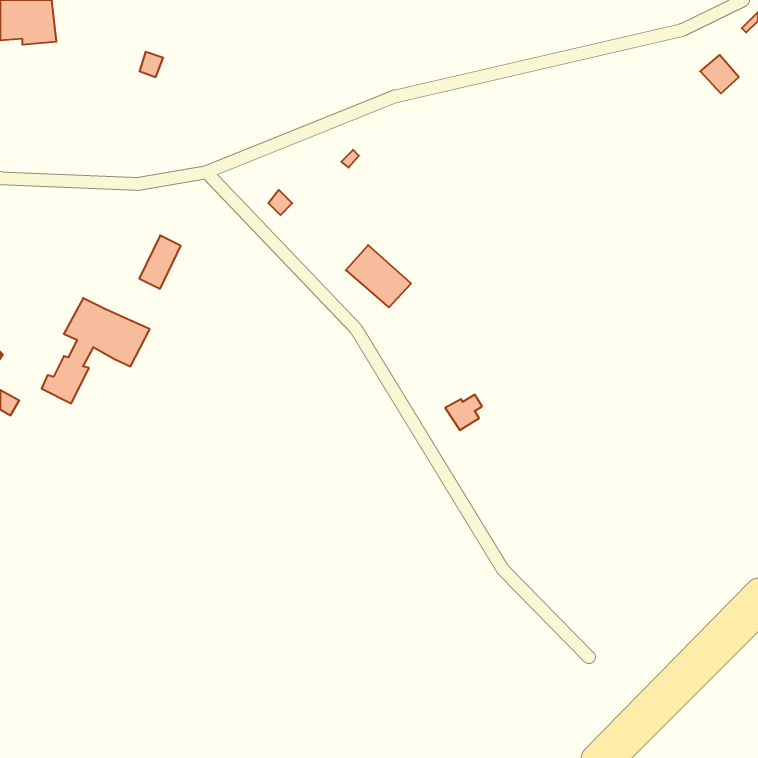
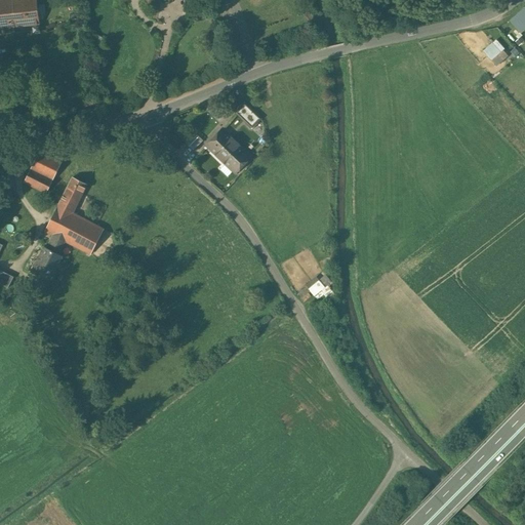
building: none -> [25,152,60,192]
building: [139,235,181,289] -> [57,176,86,213]
building: [346,245,411,307] -> [206,128,251,171]

